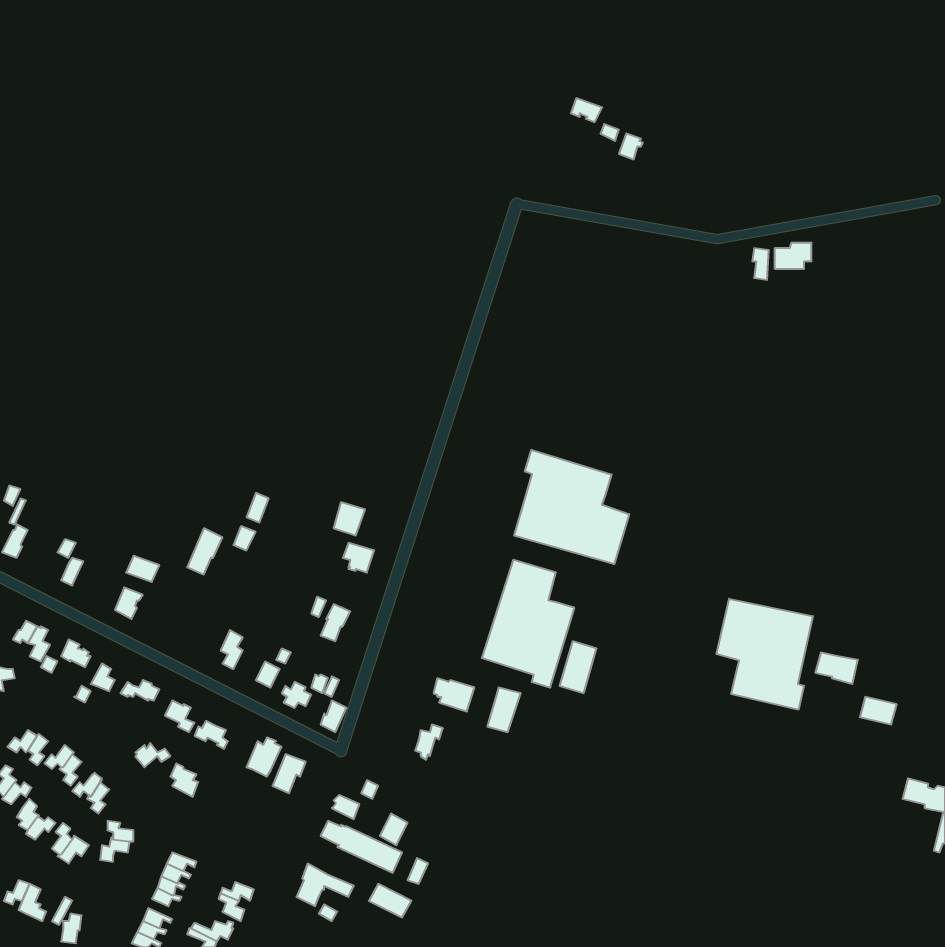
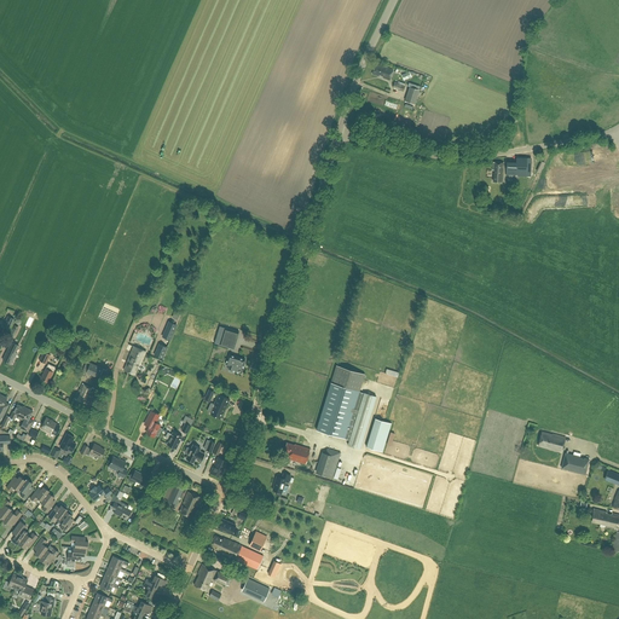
building: [514,450,629,564] -> none
building: [716,599,813,710] -> none

